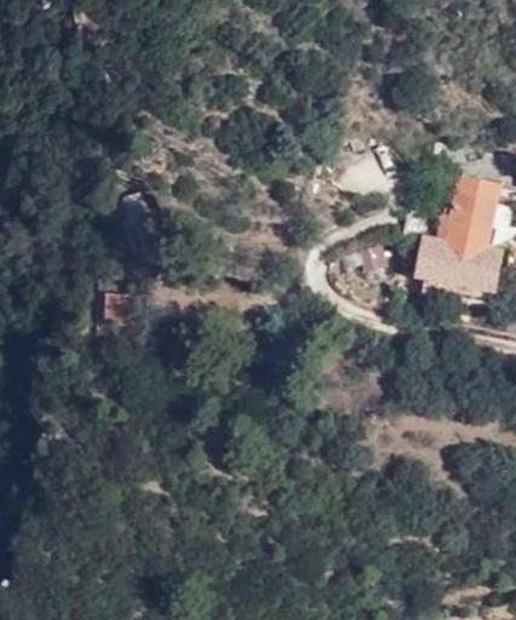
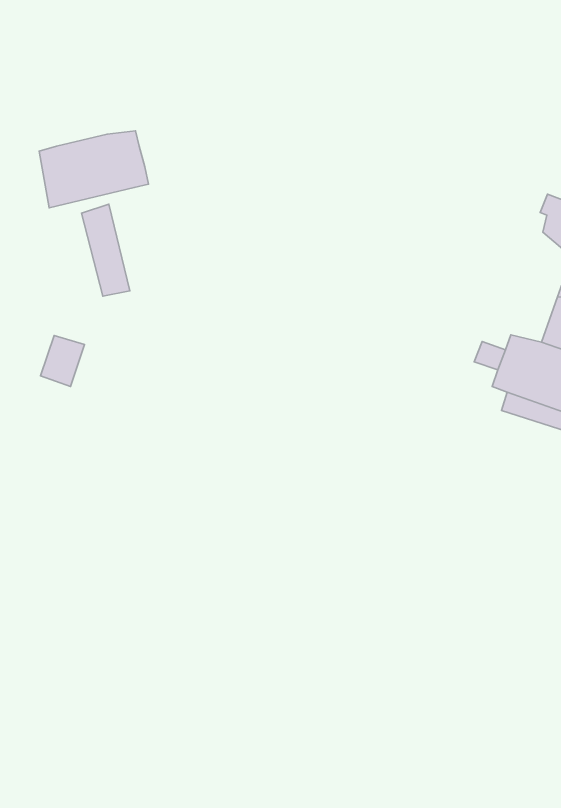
building: none -> [39,131,148,208]

